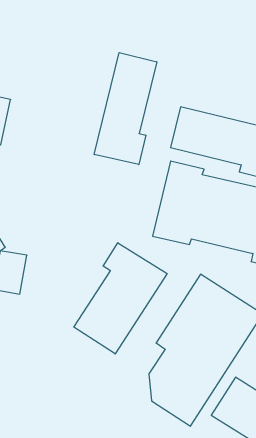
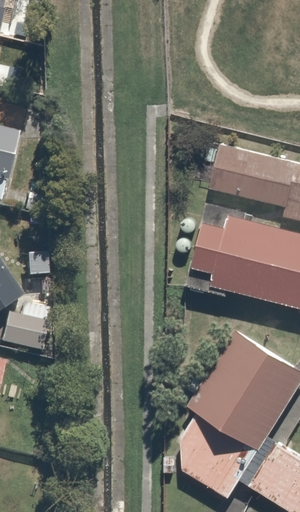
building: [94,53,157,165] -> none
building: [74,243,167,354] -> none

